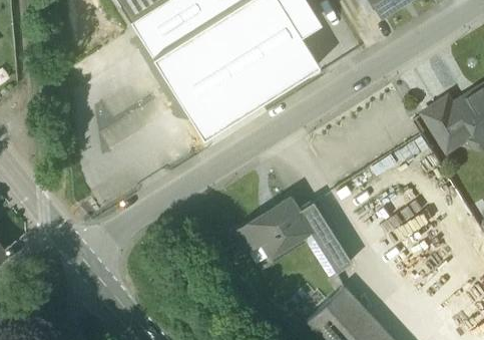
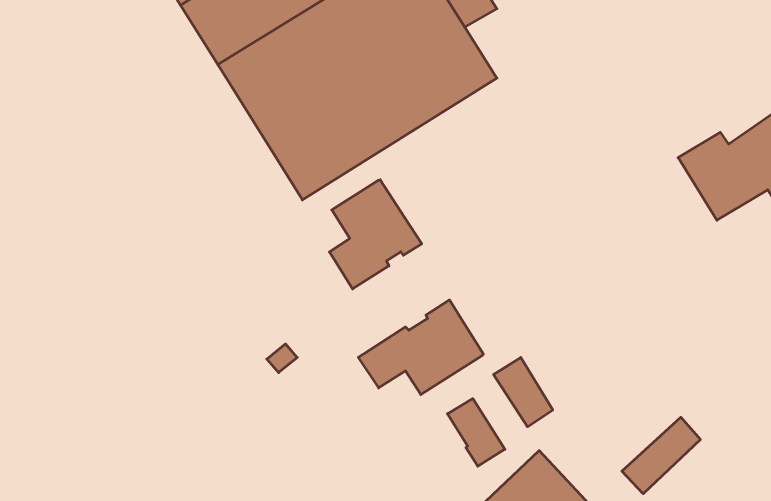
building: none -> [329,180,422,289]
building: [298,201,332,241] -> [447,399,505,466]
building: none -> [622,417,700,494]

